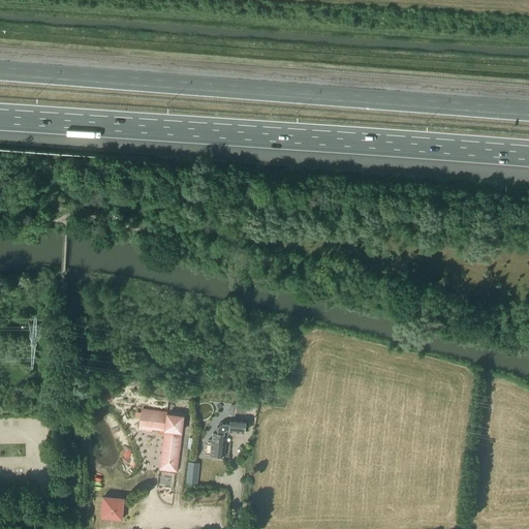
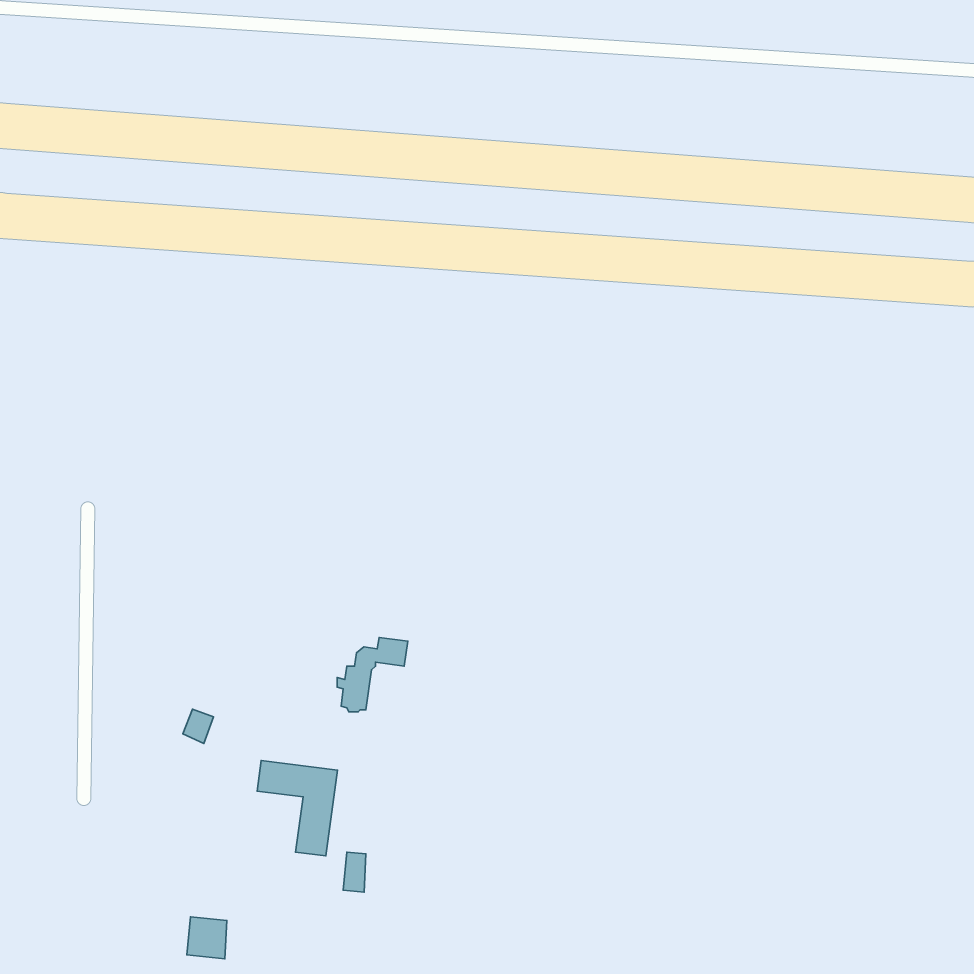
building: [208,418,246,459] -> [337,637,408,712]

